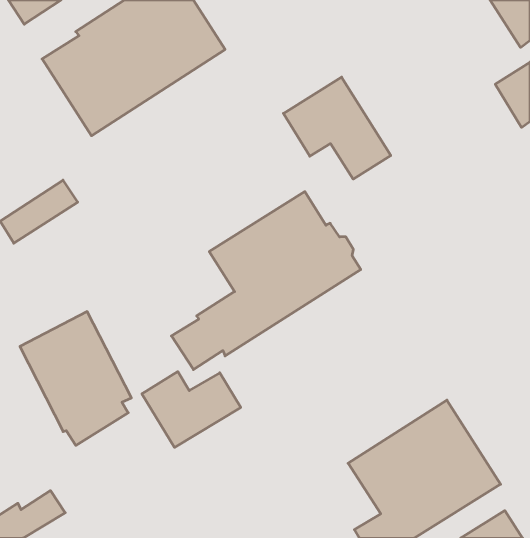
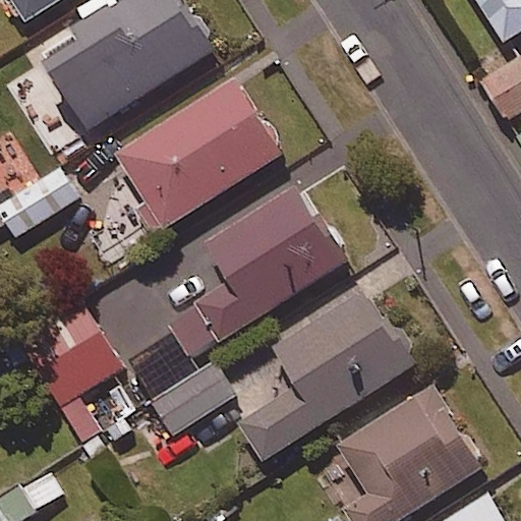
building: [283,77,391,179] -> none
building: none -> [114,79,283,240]
building: none -> [239,289,418,461]

